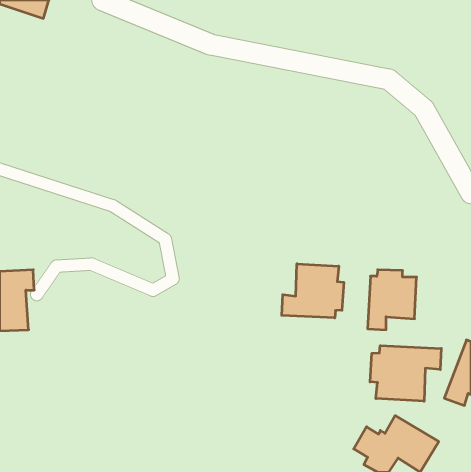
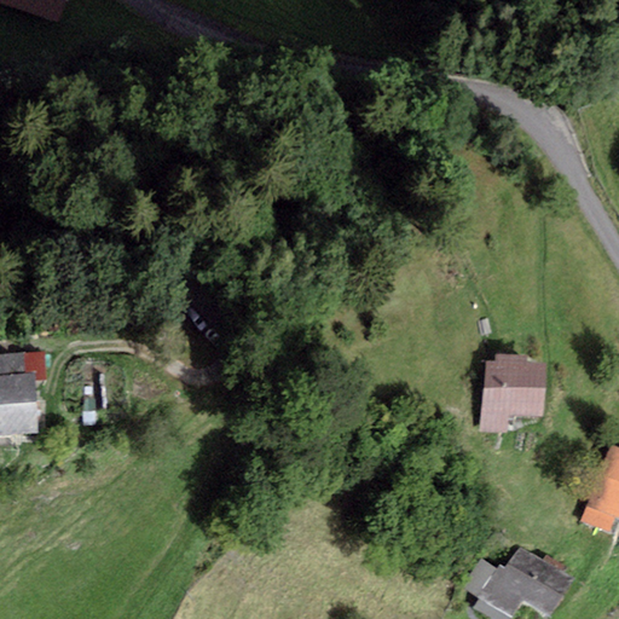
building: [282,264,344,318] -> none
building: [370,346,441,401] -> none

